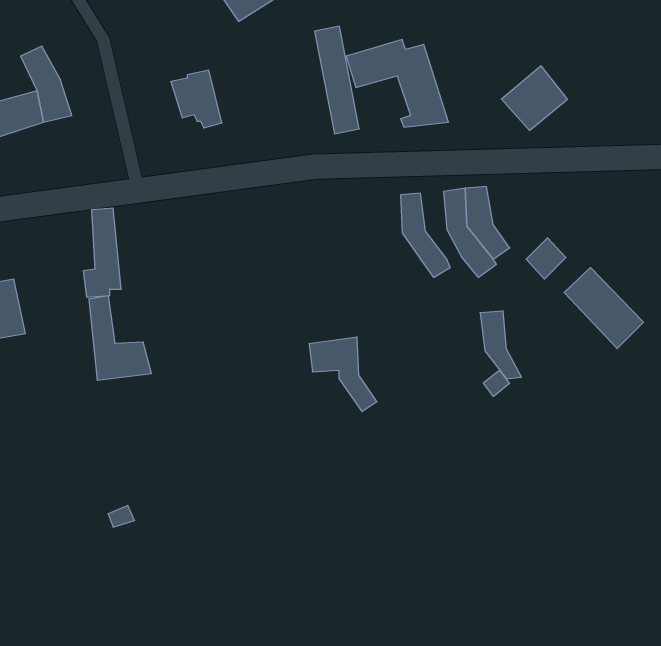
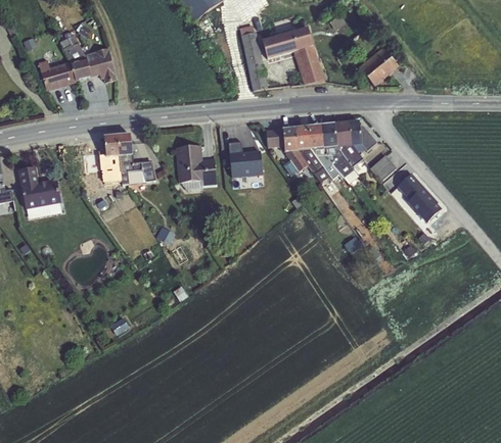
building: [171,70,222,128] -> [84,48,116,84]
building: none -> [348,120,377,151]
building: none -> [230,141,264,175]
building: none -> [175,145,217,187]
building: [89,296,152,380] -> [117,133,155,185]
building: [480,311,521,379] -> [307,125,332,166]
building: [309,337,377,412] -> [265,127,307,173]

